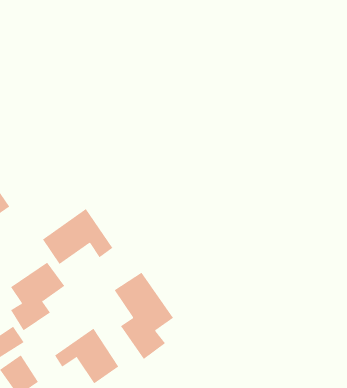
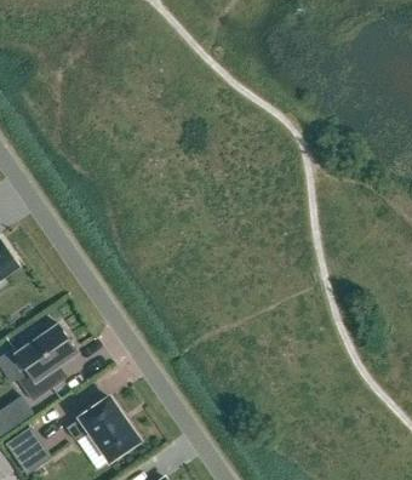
building: [42,208,113,265] -> none
building: [114,272,174,360] -> none

